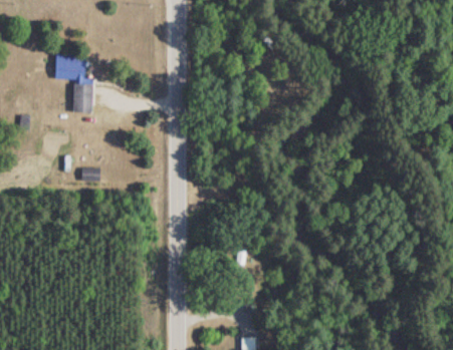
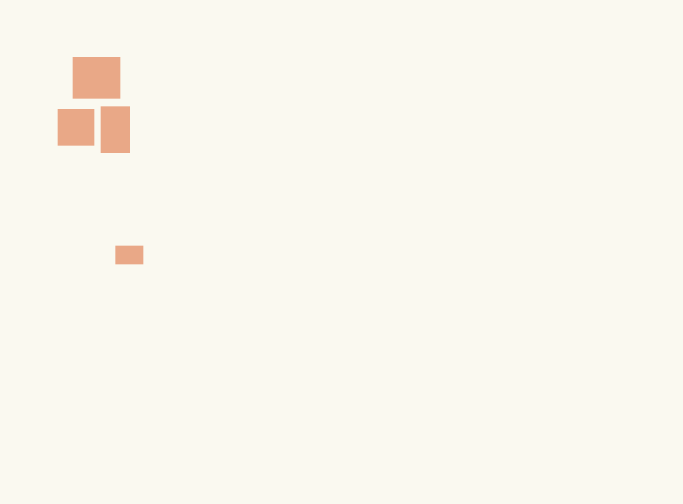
building: none -> [57,108,95,147]

